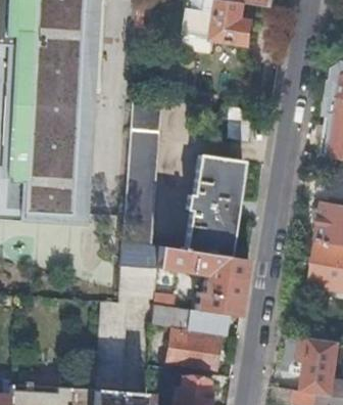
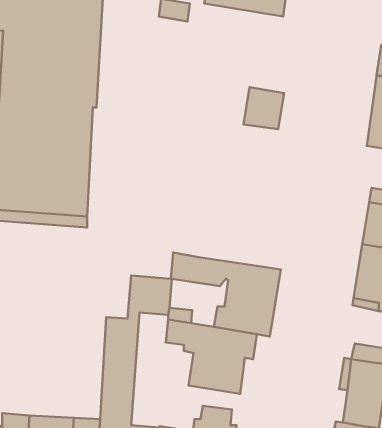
building: [121,92,160,244] -> none
building: [180,155,242,258] -> none

